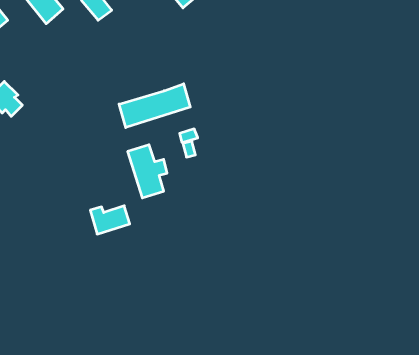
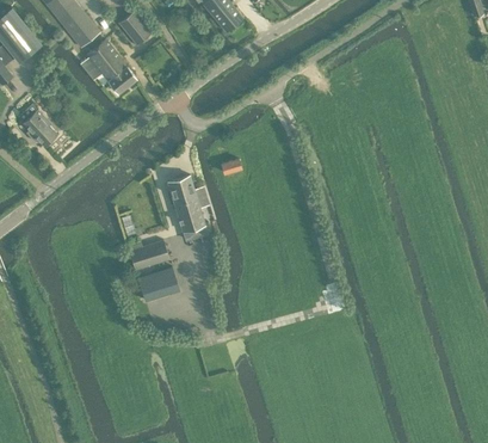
building: none -> [80,39,136,93]
building: [119,84,190,128] -> none
building: none -> [137,266,179,300]

